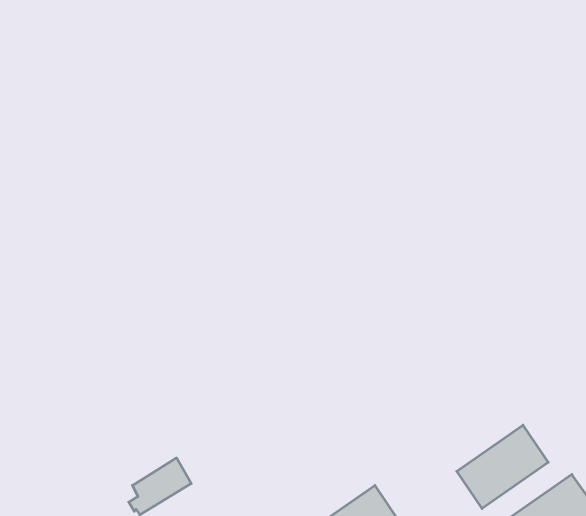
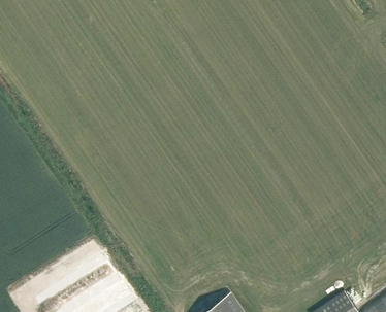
building: [457,425,548,509] -> none

